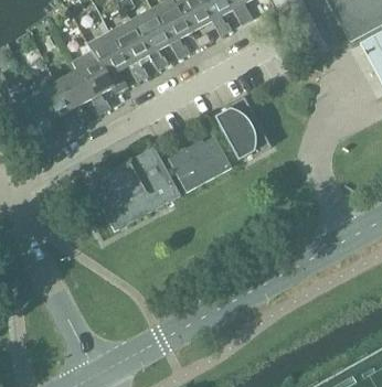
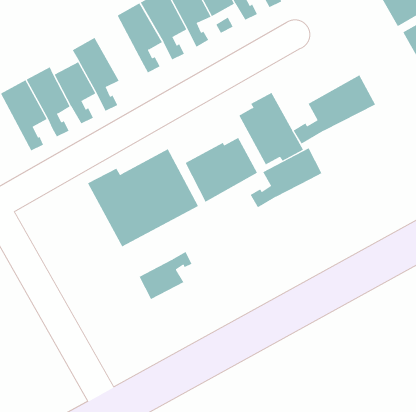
building: [88,31,129,92] -> none
building: none -> [293,75,376,144]
building: none -> [250,148,322,208]
building: none -> [139,251,192,300]

